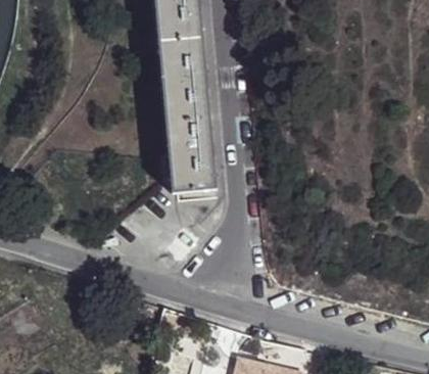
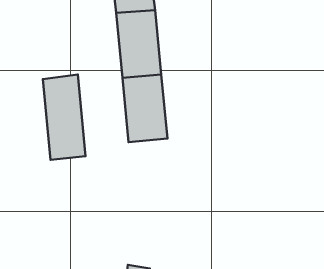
building: none -> [43,74,86,160]

